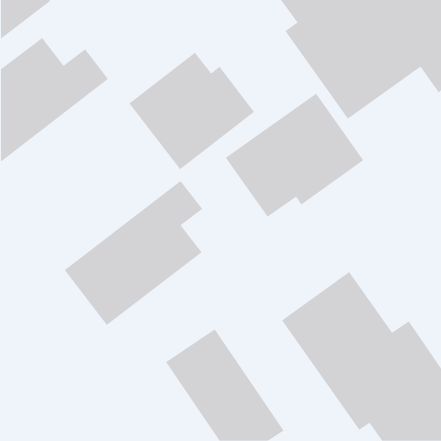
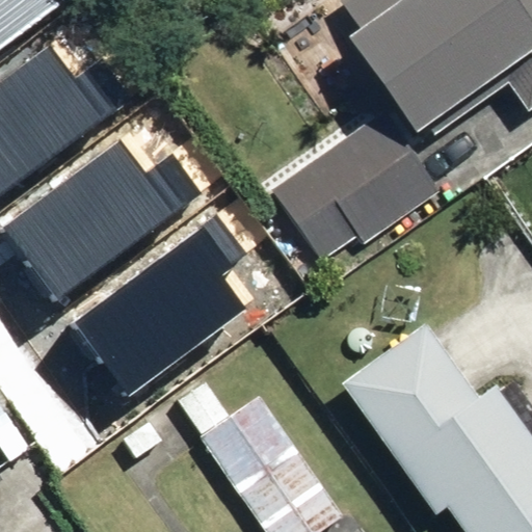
building: [129,52,255,170] -> none
building: none -> [7,141,200,298]

